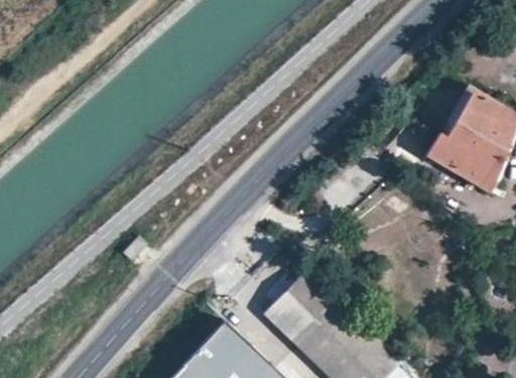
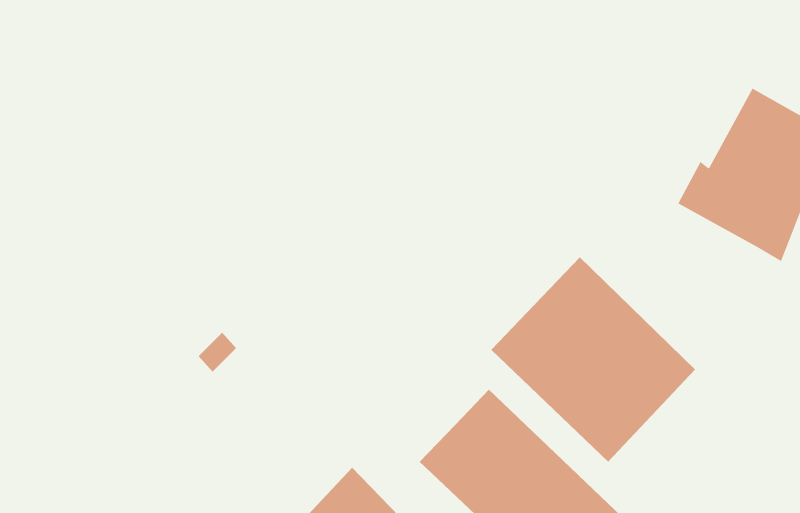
building: none -> [491,257,696,462]

